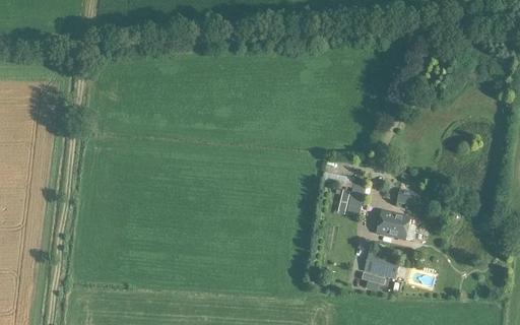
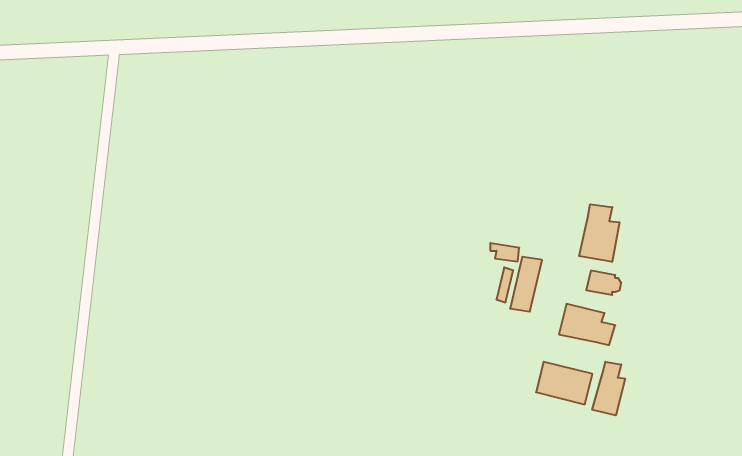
building: none -> [579,204,620,262]
building: none -> [592,362,625,415]

